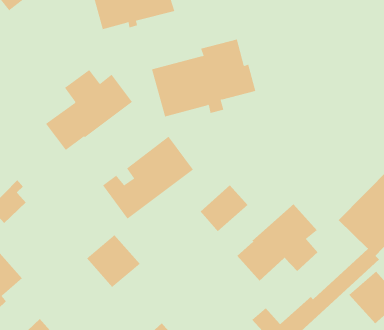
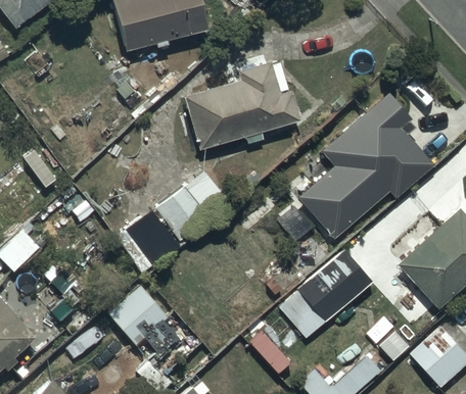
building: none -> [297,93,434,238]
building: [45,69,133,151] -> none
building: [200,184,249,232] -> none

